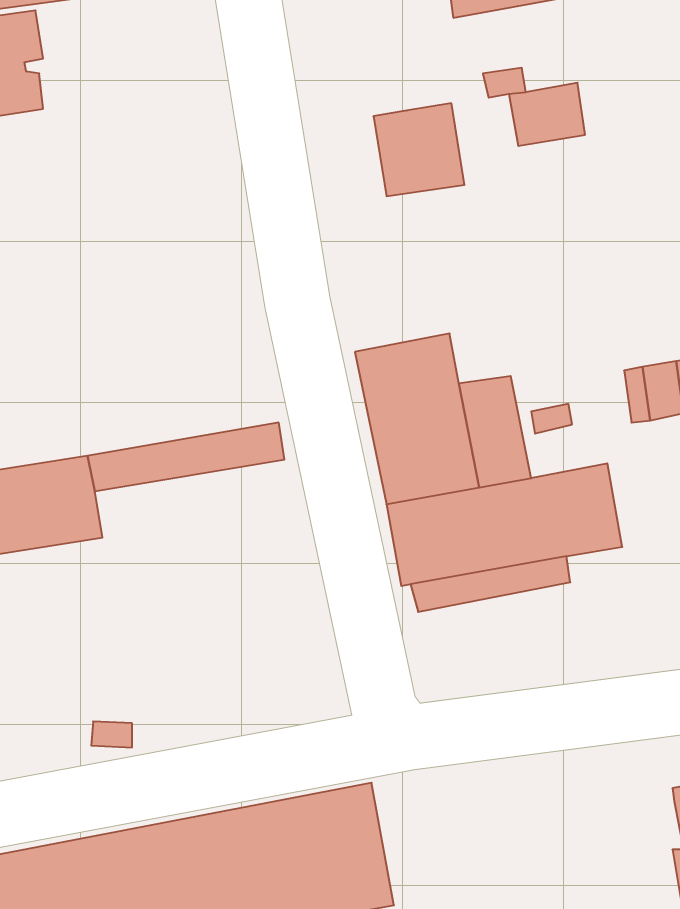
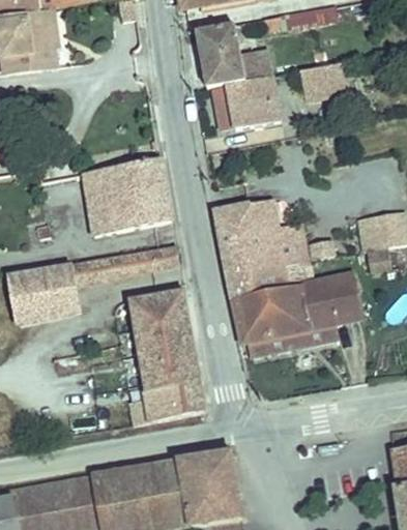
building: none -> [196,17,244,80]
building: none -> [74,158,169,237]
building: none -> [125,292,204,425]

